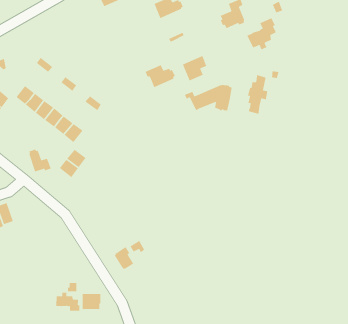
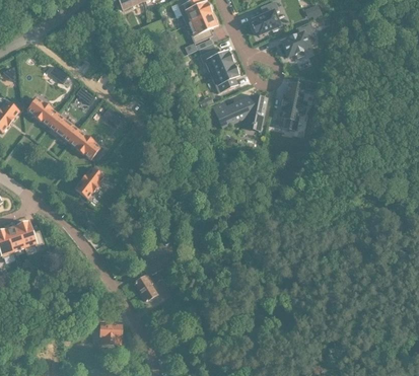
building: none -> [186,11,219,43]
building: [145,64,176,88] -> [200,47,234,73]
building: [28,148,52,172] -> [17,220,44,246]
building: [55,292,80,311] -> none

